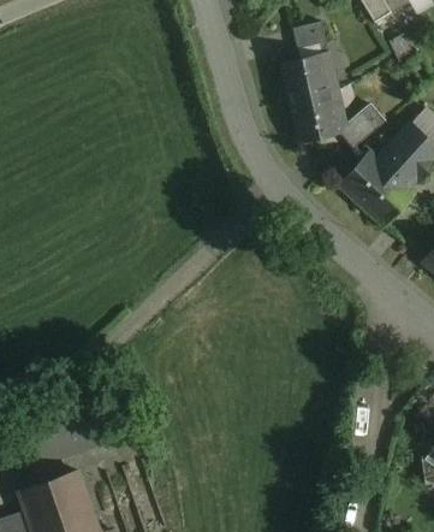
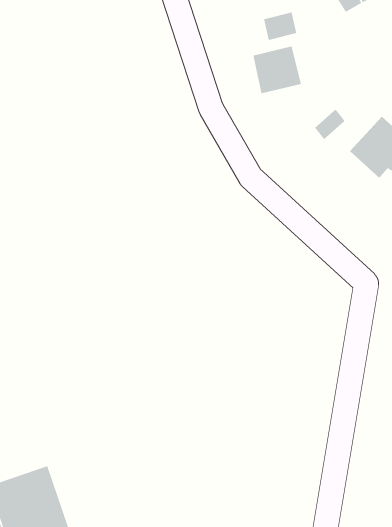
building: [292,90,341,138] -> none
building: [343,150,415,220] -> none

